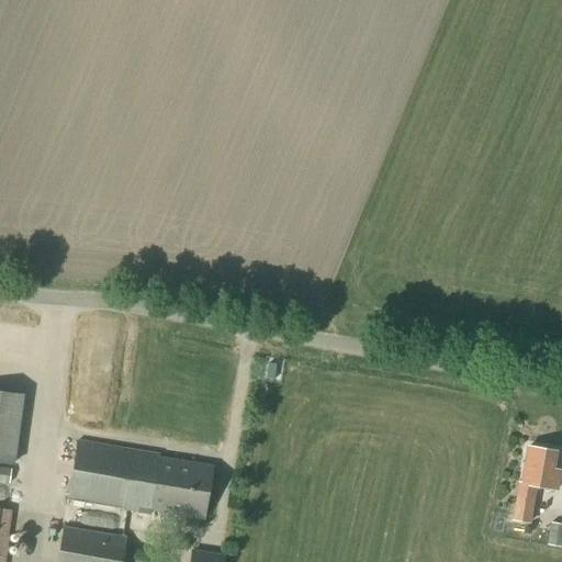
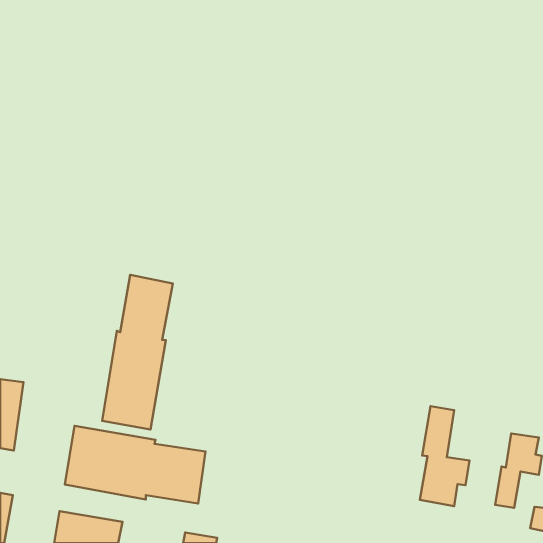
building: none -> [102,275,173,430]
building: none -> [420,406,470,506]

